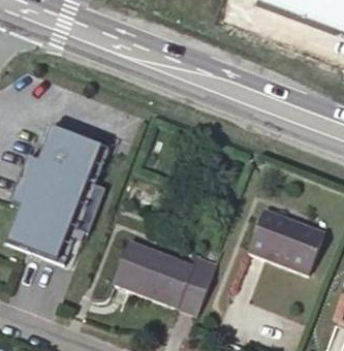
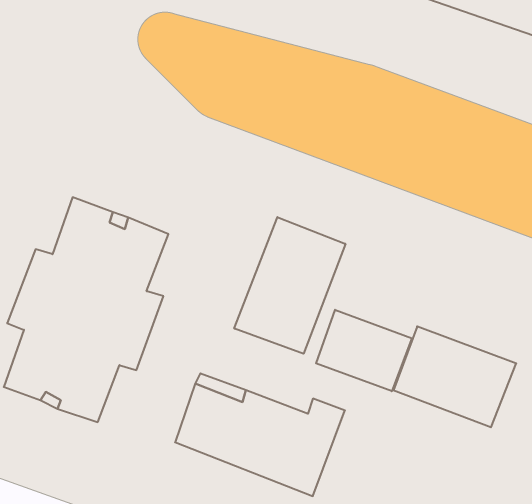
building: none -> [234,217,345,354]
building: none -> [316,310,412,391]

